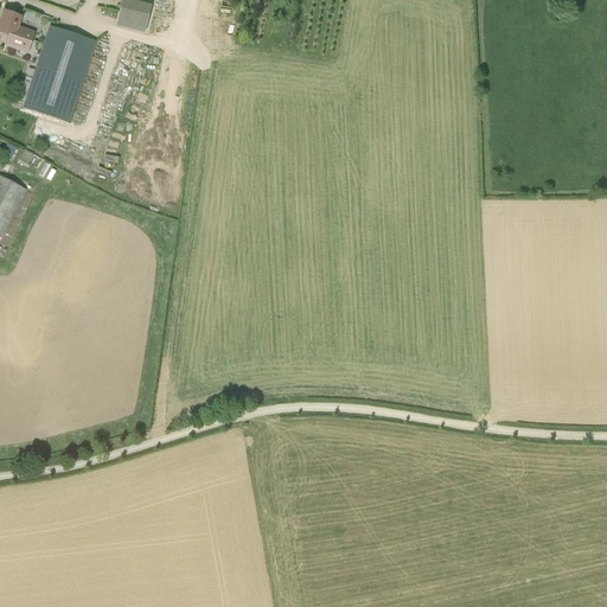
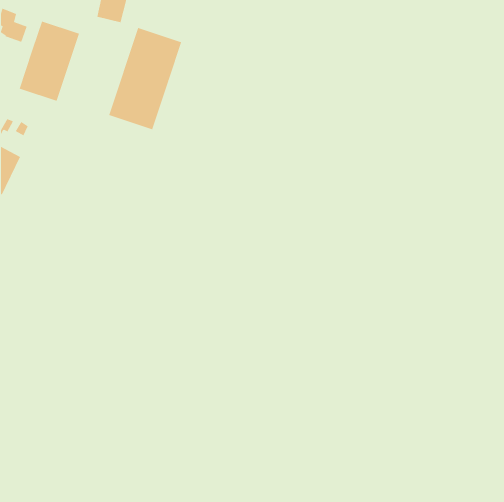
building: none -> [108,27,182,130]

